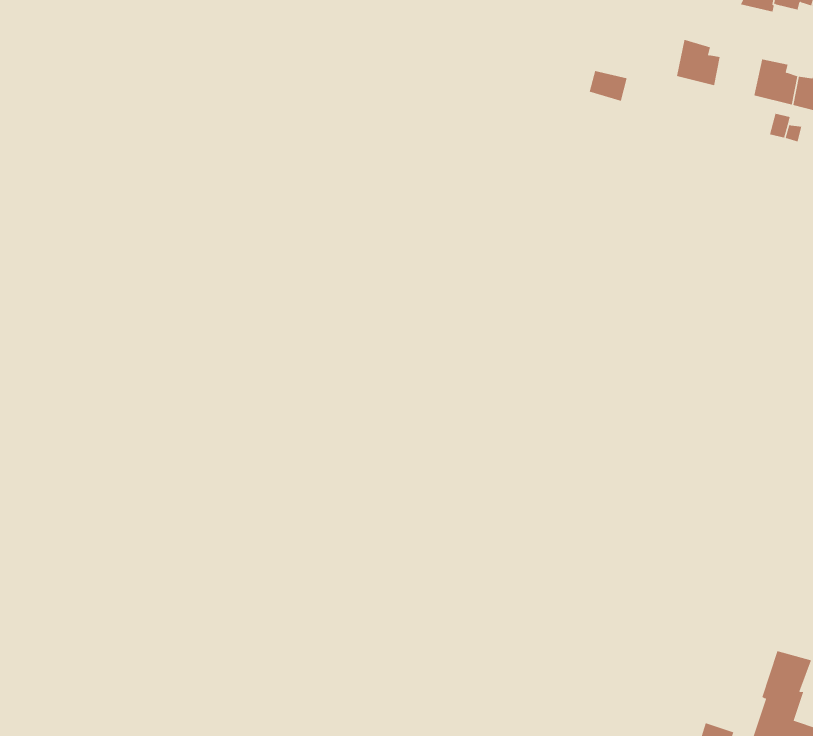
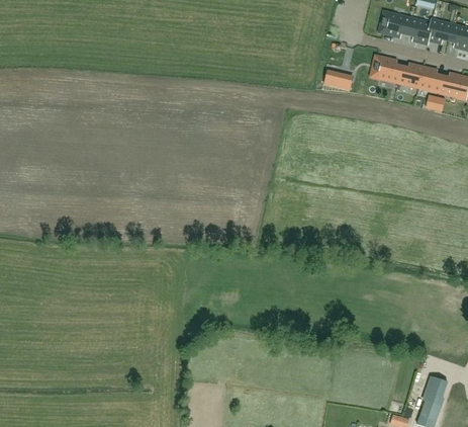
building: none -> [398,64,423,86]

